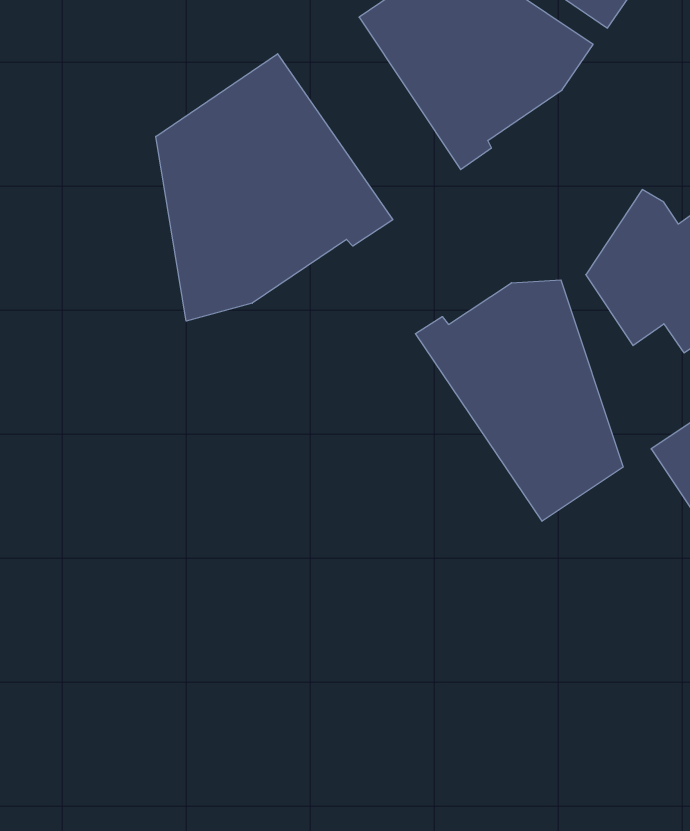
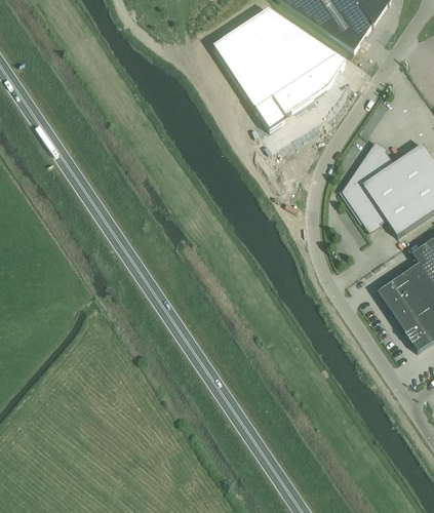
building: [156,54,393,321] -> none
building: [415,280,623,521] -> none

